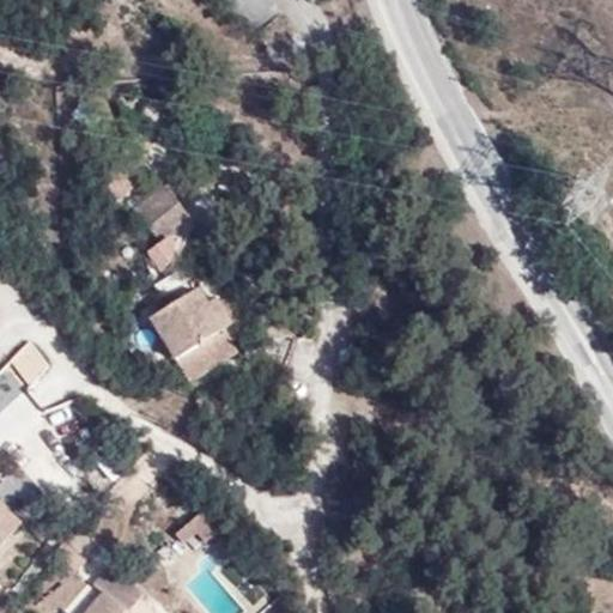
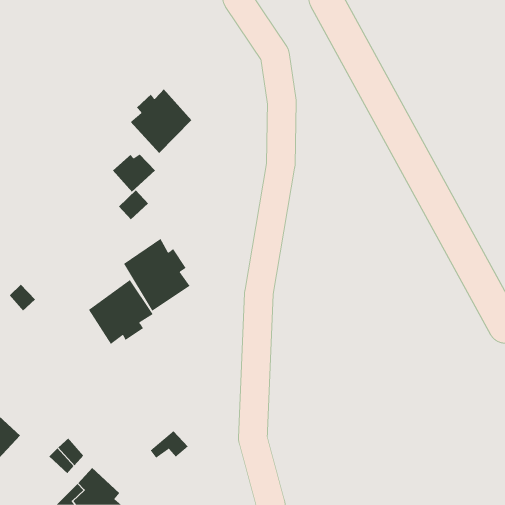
building: none -> [130,89,192,154]
building: none -> [88,279,153,345]

